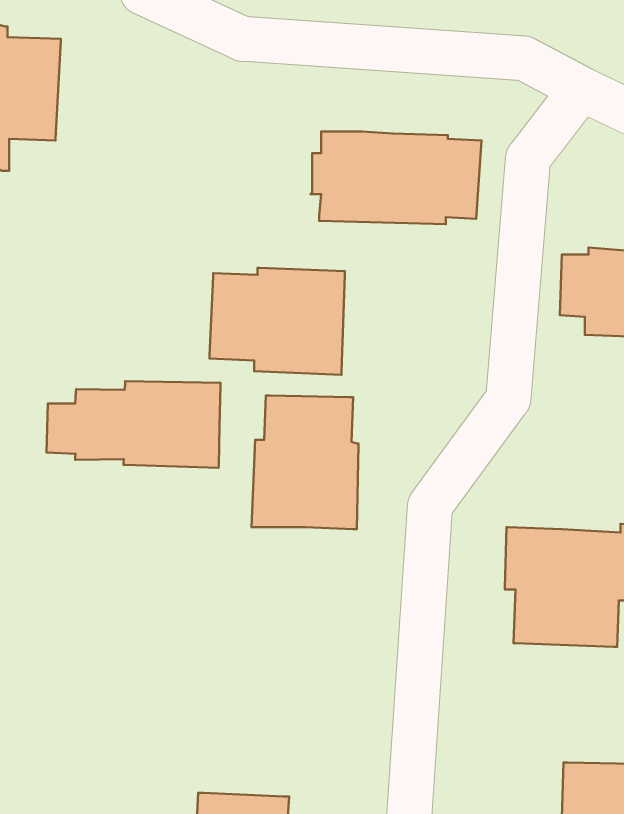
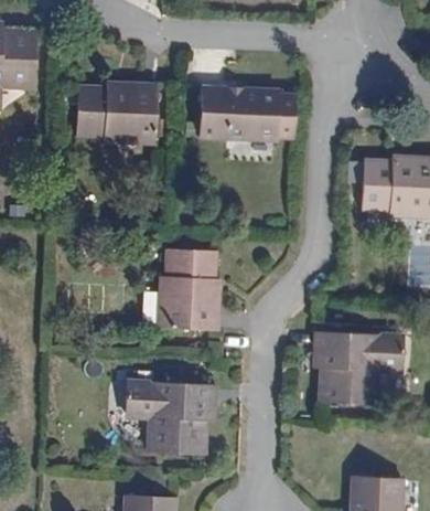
building: [209,268,345,375] -> [76,79,160,146]
building: [46,381,221,468] -> none
building: none -> [127,376,219,456]

